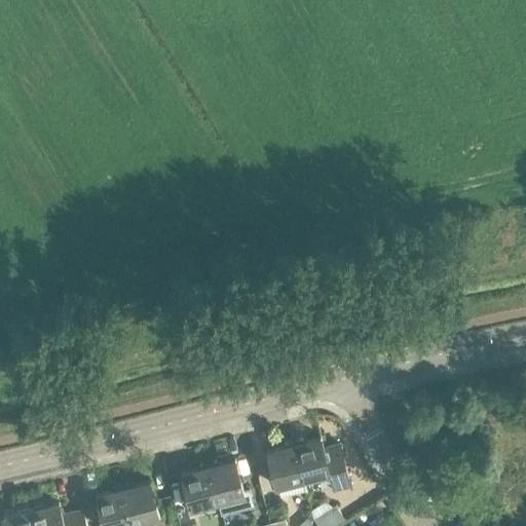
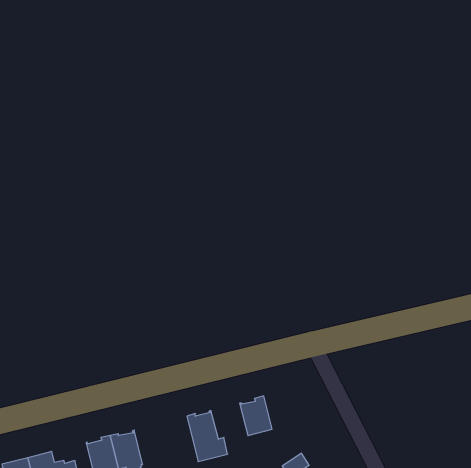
building: [293,440,349,490] -> none
building: [181,467,217,513] -> none

